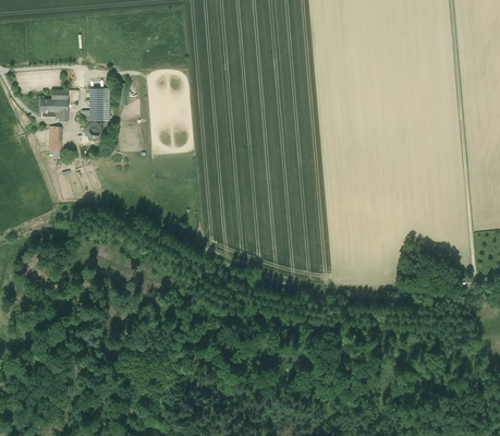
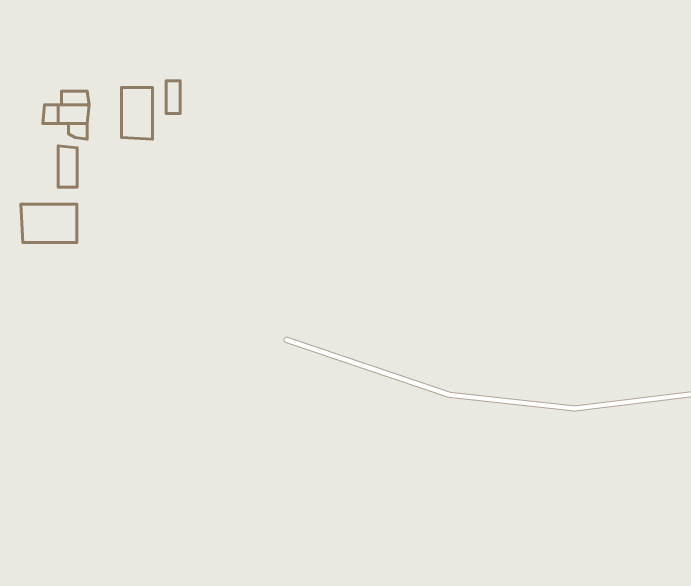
building: none -> [21,204,77,242]

